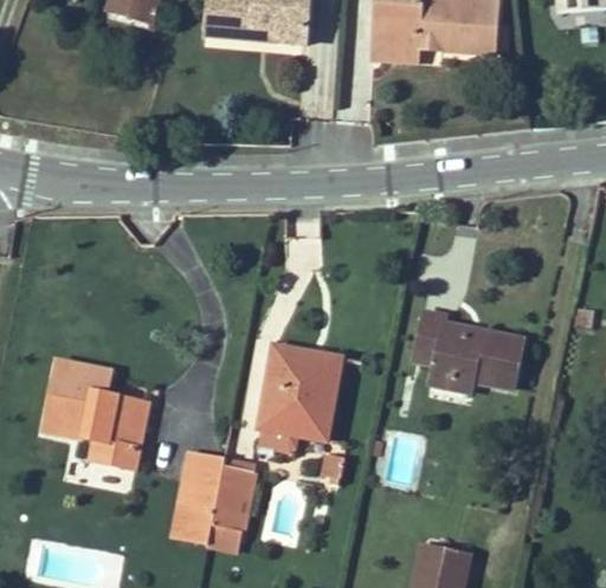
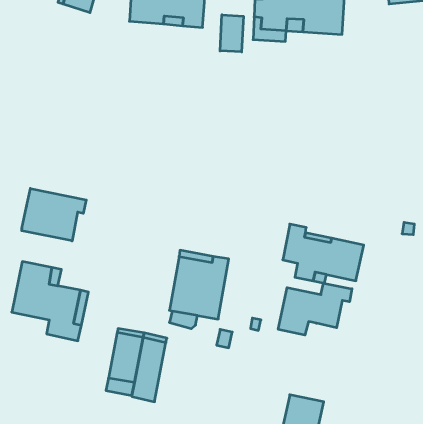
building: none -> [220,15,243,52]
building: none -> [22,188,86,241]
building: none -> [278,283,352,335]

